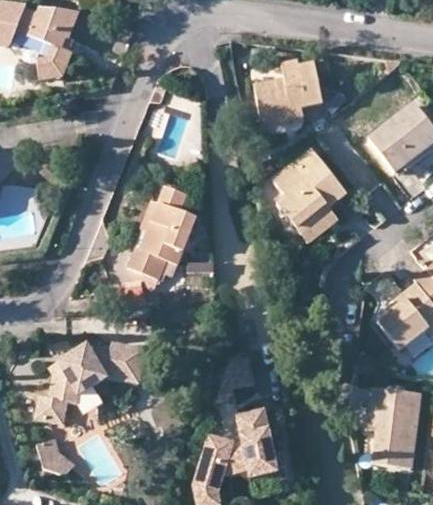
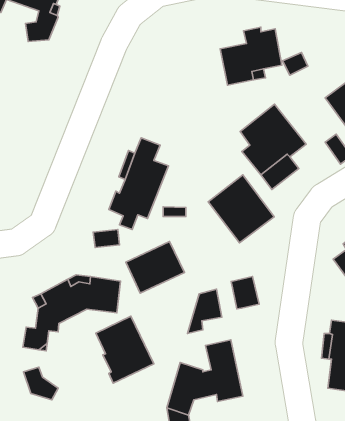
building: none -> [208,175,274,243]
building: none -> [126,241,184,293]
building: none -> [231,276,259,309]
building: none -> [96,316,154,383]

